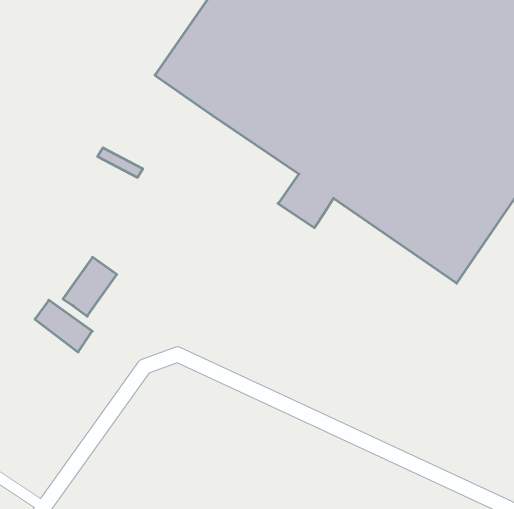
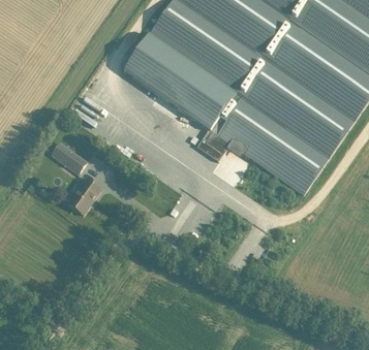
building: [35,300,92,352] -> [51,141,85,172]

